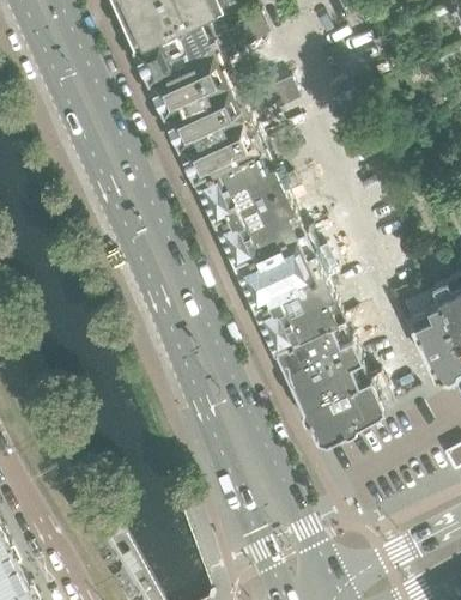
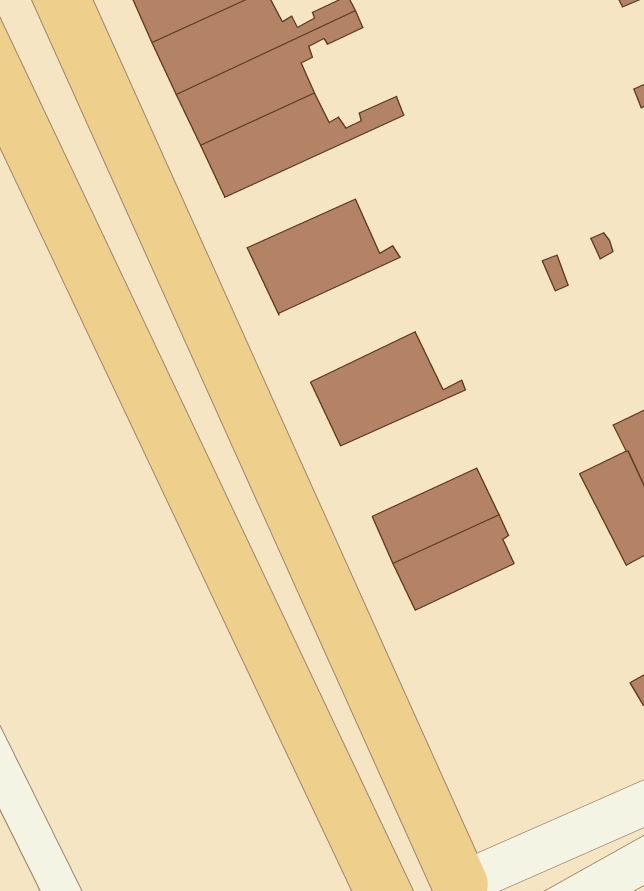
building: [178,90,297,175] -> none
building: [213,181,301,261] -> none
building: [253,266,340,347] -> none
building: [301,370,392,440] -> none

